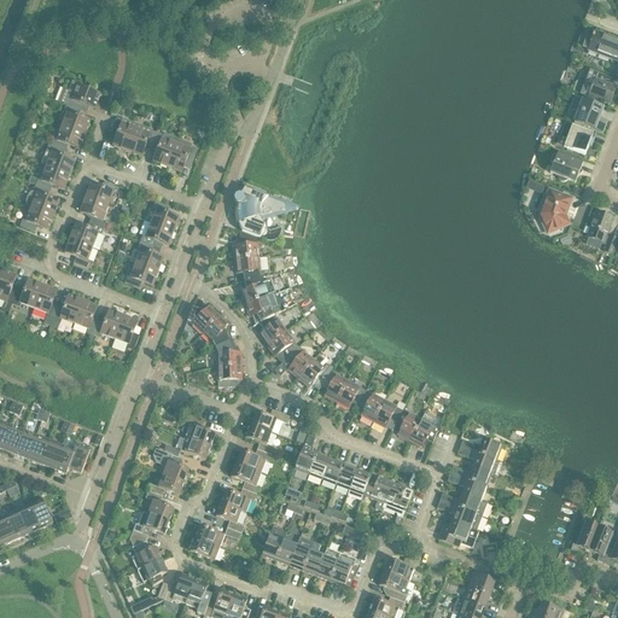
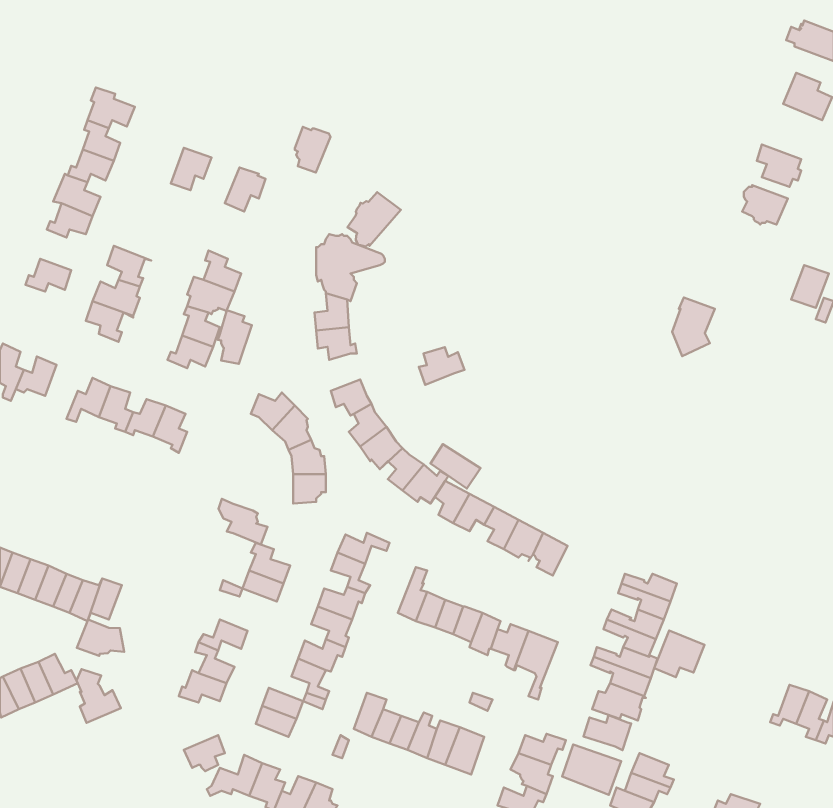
building: [571,95,606,130] -> none
building: [111,116,136,150] -> none
building: [151,130,177,164] -> [295,127,331,173]
building: none -> [348,192,401,246]
building: [84,180,119,206] -> none
building: [25,183,59,214] -> none
building: [540,188,571,232] -> [672,297,715,356]
building: none -> [218,310,252,364]
building: [240,275,274,303] -> [419,347,464,385]
building: [34,284,58,323] -> none
building: none -> [431,444,480,489]
building: [409,412,438,445] -> none
building: [152,447,188,480] -> [219,499,268,545]
building: none -> [77,619,124,656]
building: none -> [654,631,704,677]
building: [129,529,162,569] -> [77,669,121,723]
building: none -> [584,715,631,750]
building: none -> [562,744,621,795]

